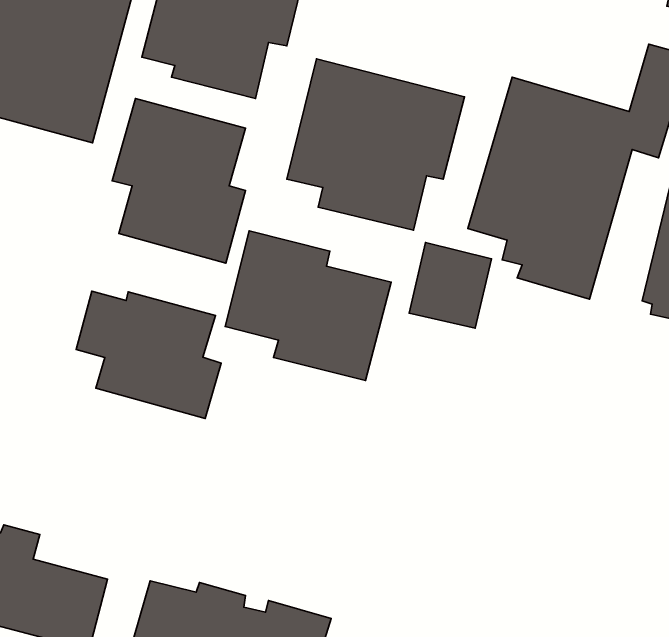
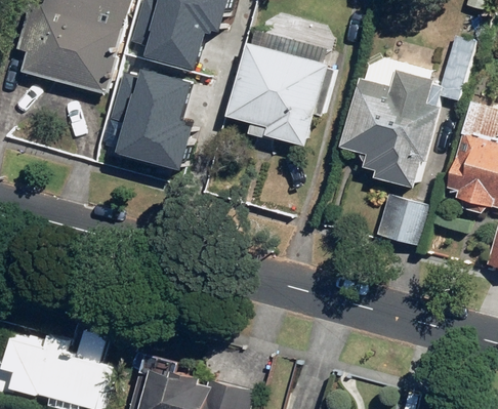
building: [225,231,391,381] -> none
building: [409,243,491,328] -> [376,194,427,247]
building: [76,291,221,419] -> none

